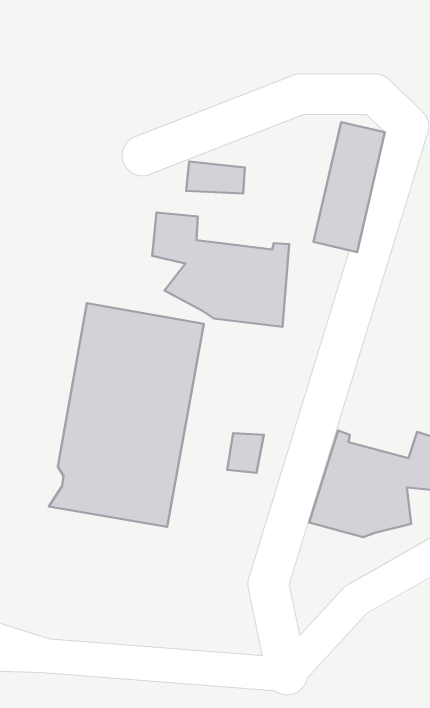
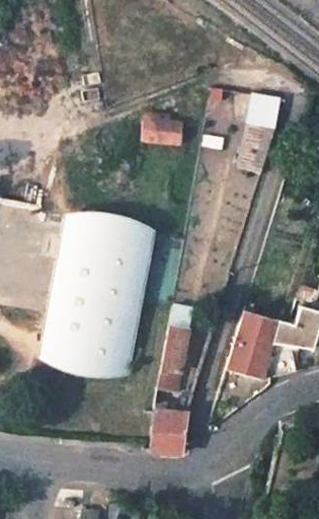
building: [152,213,289,327] -> none
building: none -> [159,333,189,392]
building: none -> [149,402,188,454]

